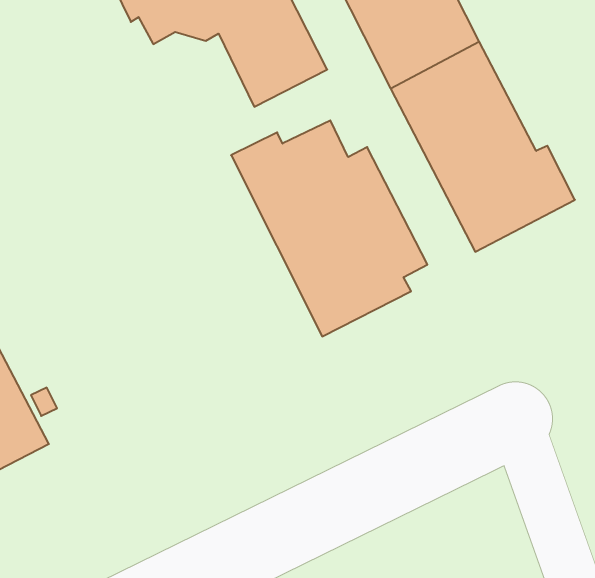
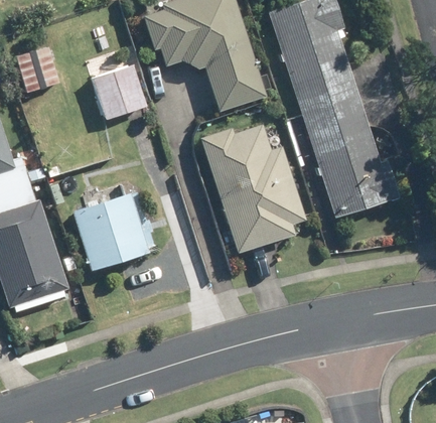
building: none -> [91,65,146,120]
building: none -> [72,195,146,269]

